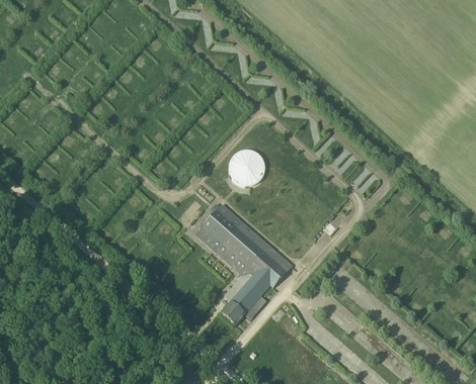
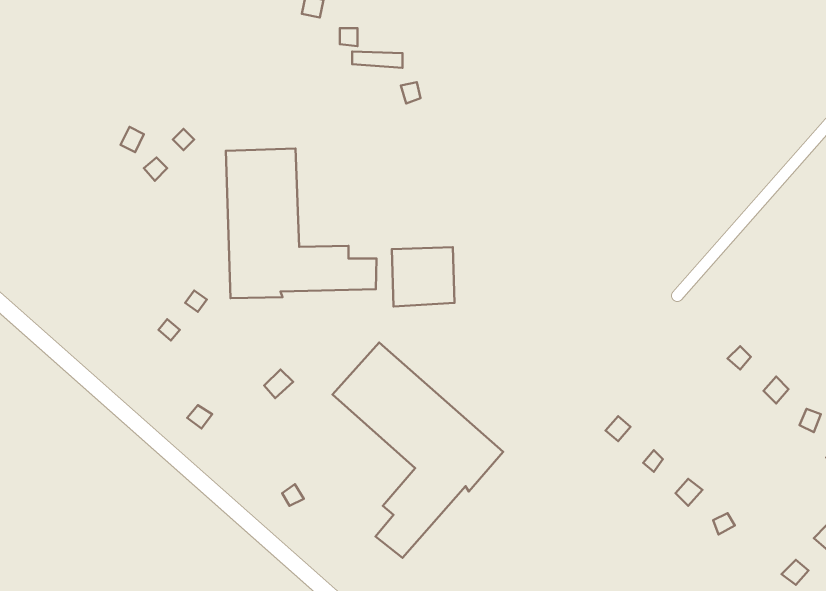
building: none -> [226,148,376,298]

